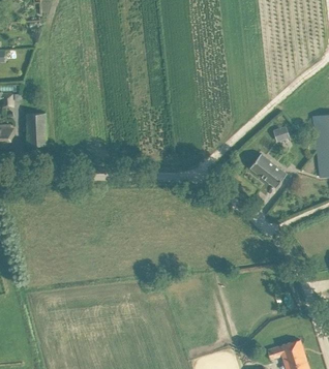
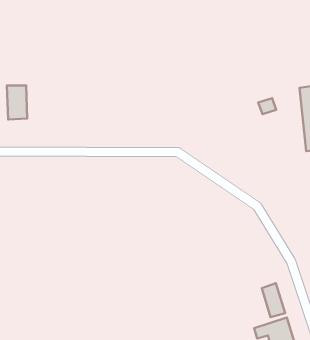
building: [250,153,287,187] -> none
building: none -> [262,283,285,317]

